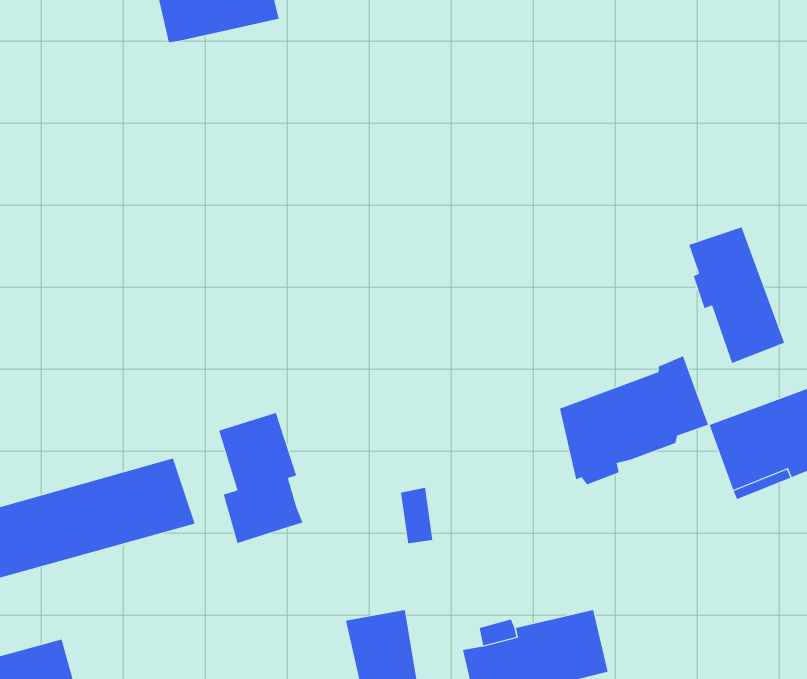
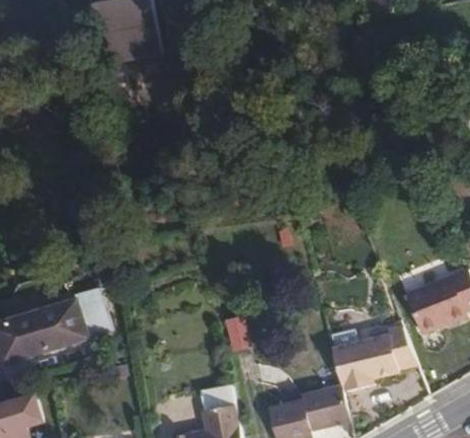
building: [688,227,785,364] -> none
building: [559,355,709,485] -> [327,313,410,385]
building: [219,412,303,544] -> none

